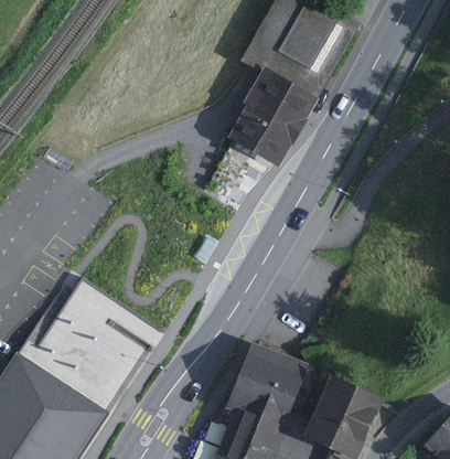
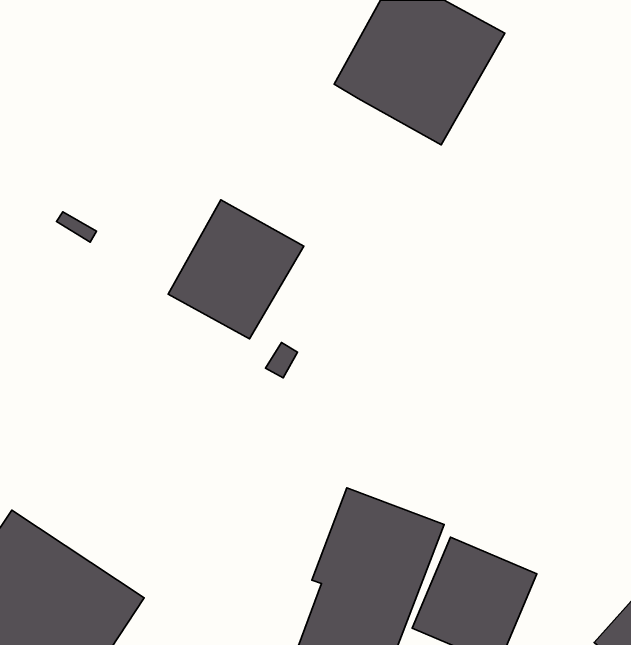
building: [219,72,313,168] -> [168,200,304,339]
building: [17,276,167,417] -> none

